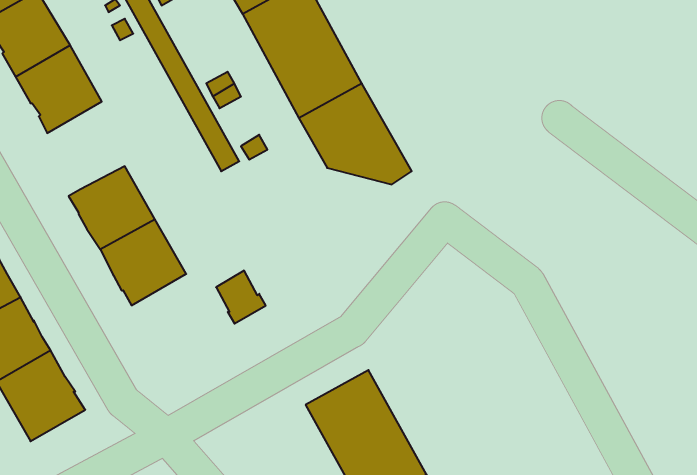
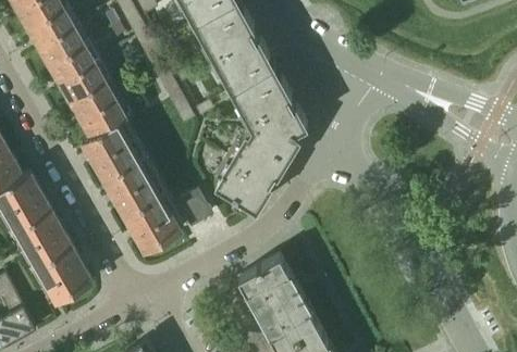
building: none -> [67,79,125,137]
building: none -> [214,123,299,212]
building: none -> [123,192,181,251]

